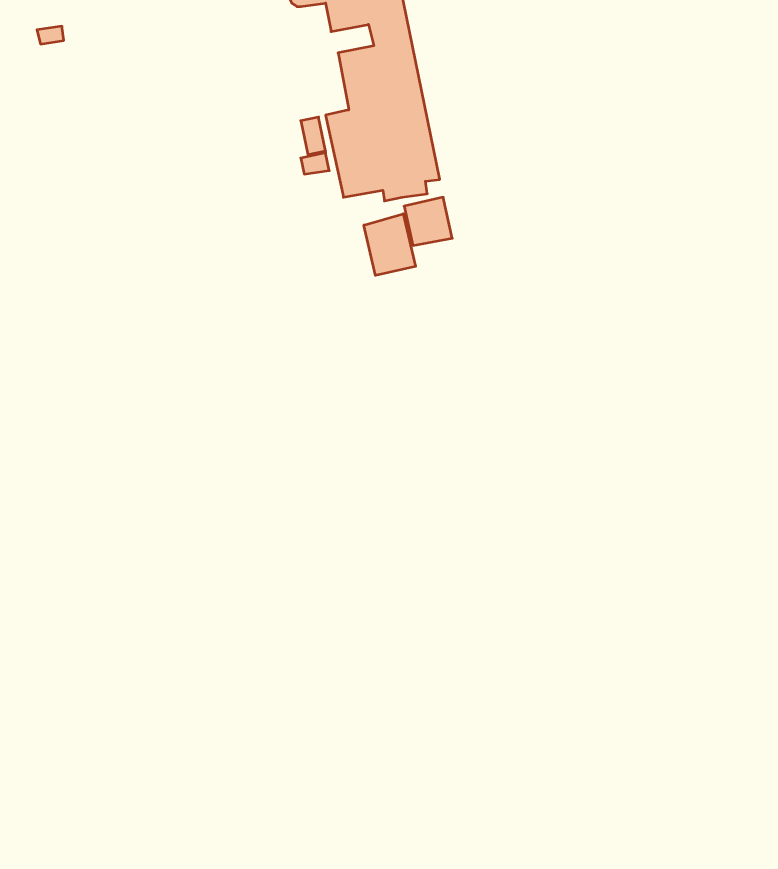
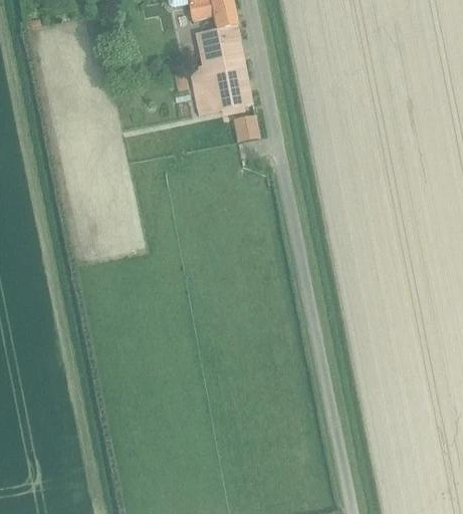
building: [364,214,416,275] -> none

